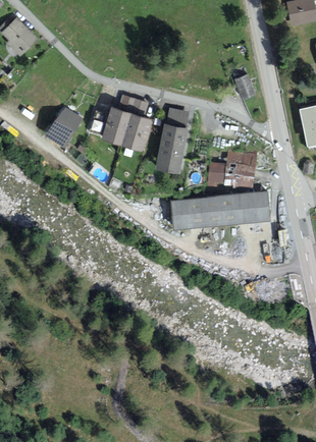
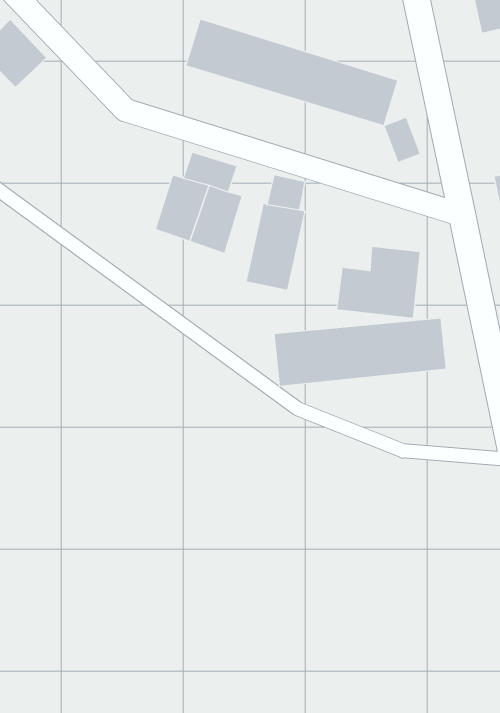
building: none -> [186,19,398,126]
building: [45,106,83,148] -> none

